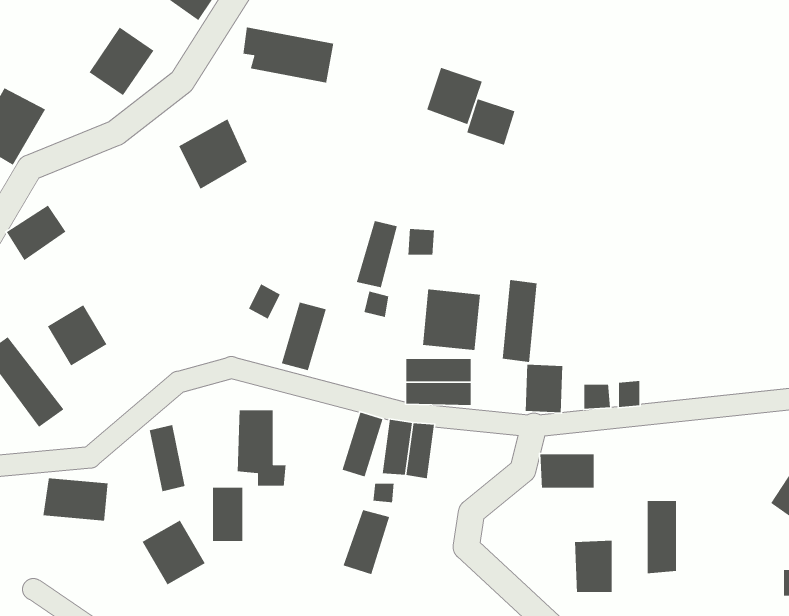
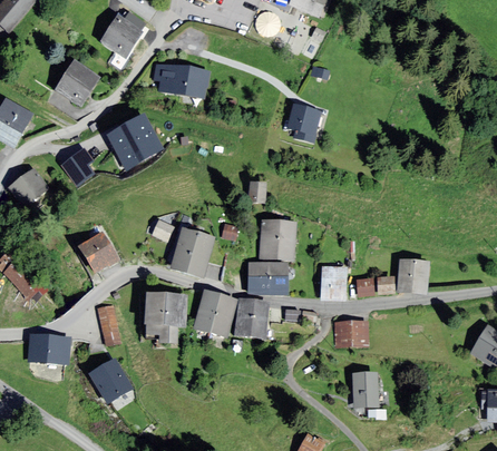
building: [426,67,483,125] -> none
building: none -> [61,149,91,183]
building: [356,220,398,288] -> [191,233,216,274]
building: [502,279,538,363] -> none
building: [47,304,107,366] -> [80,233,117,271]
building: none -> [399,261,429,292]
building: [212,487,243,542] -> [169,294,188,327]
building: [647,500,677,574] -> none
building: [342,509,390,575] -> [193,291,222,331]

